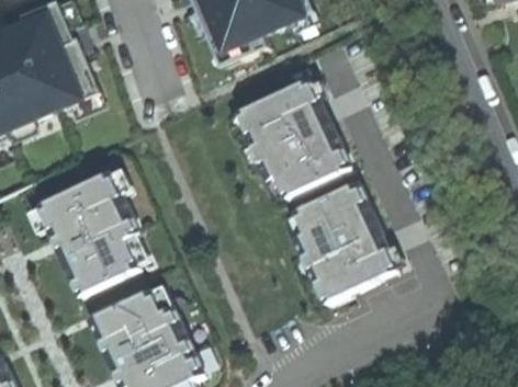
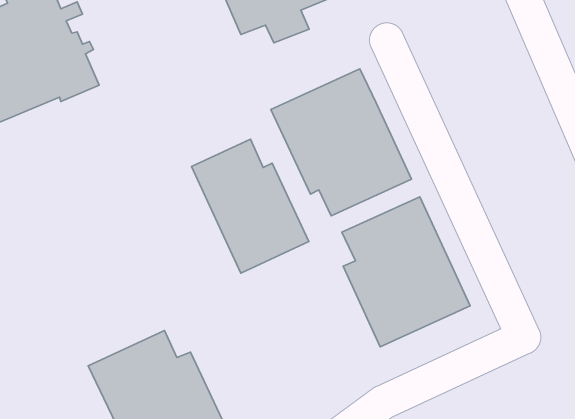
building: none -> [192,139,309,273]
building: [37,171,138,294] -> none

